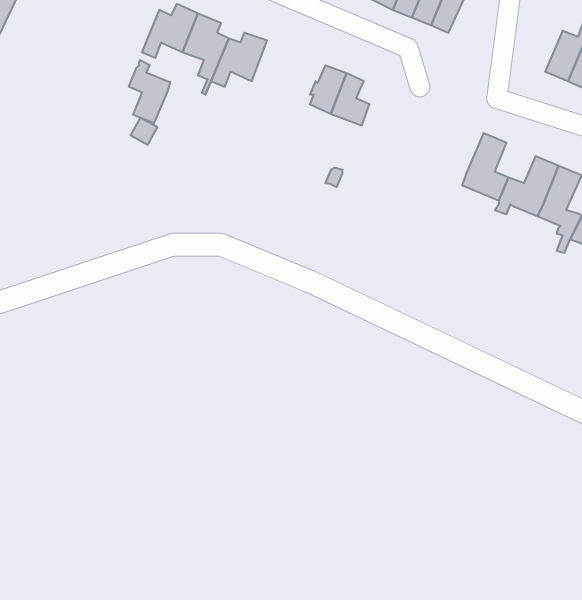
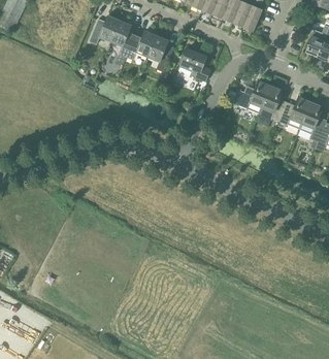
building: none -> [149,35,173,72]
building: [129,60,170,123] -> none
building: none -> [234,79,272,112]

